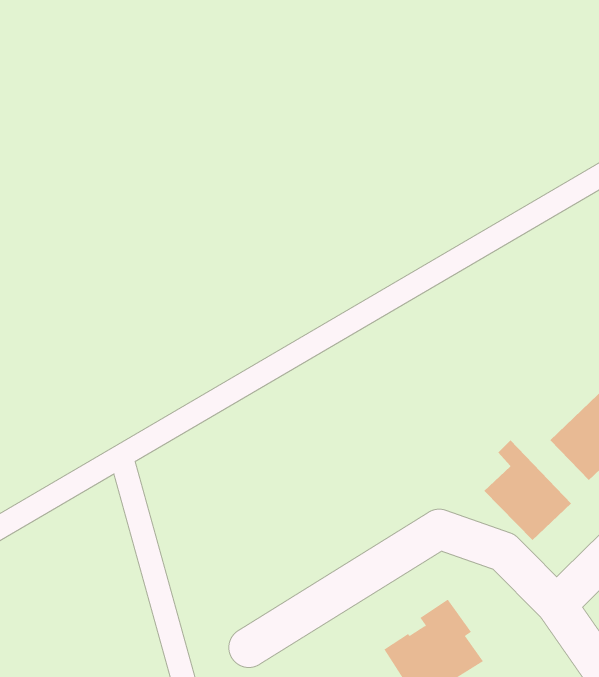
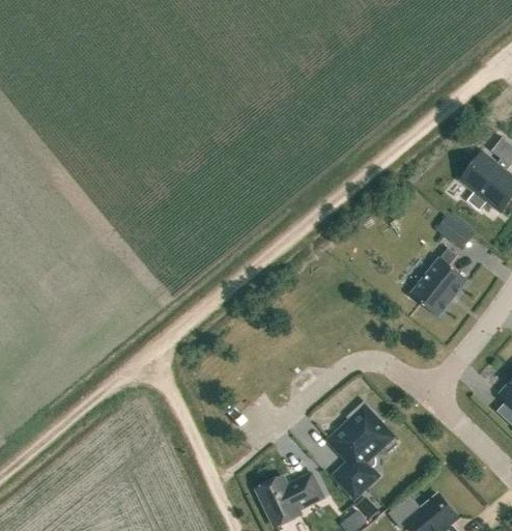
building: [484,439,572,541] -> none

